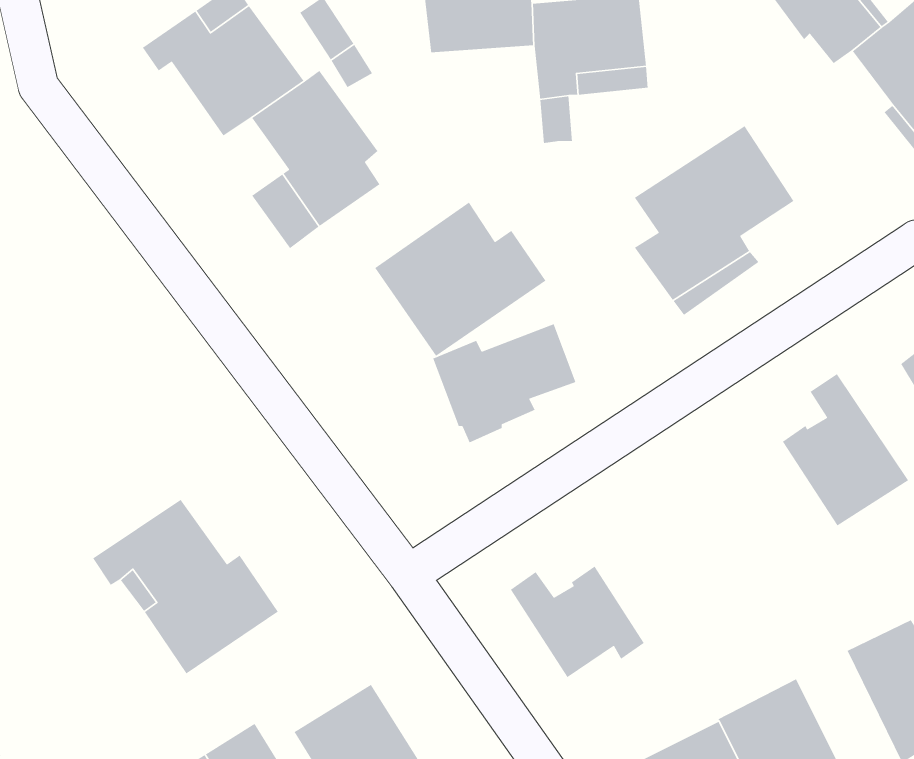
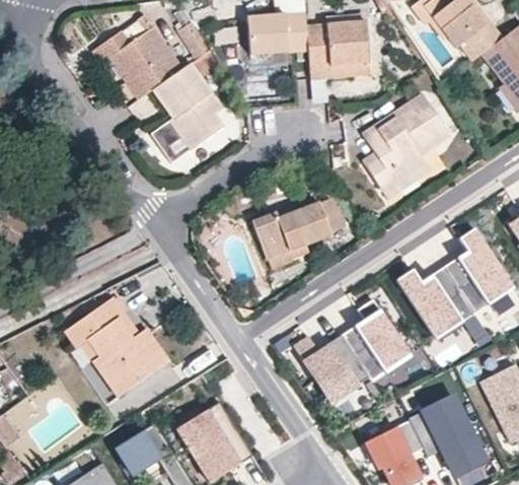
building: [374,201,547,357] -> none
building: none -> [396,267,474,340]
building: none -> [342,299,410,380]

